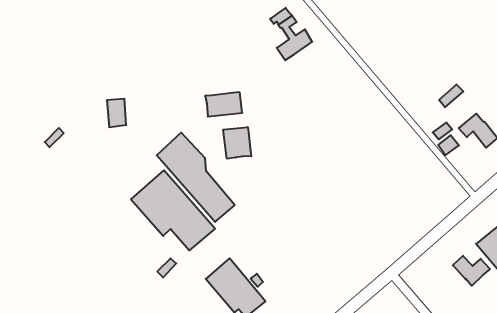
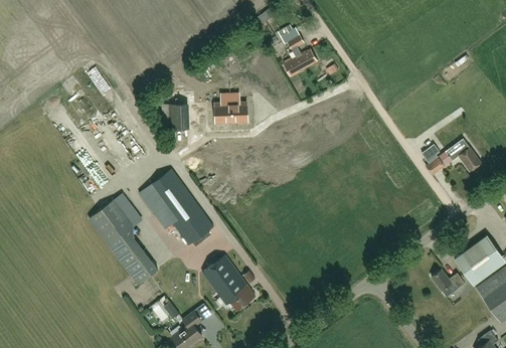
building: [107,99,126,127] -> [170,105,186,130]
building: [223,127,251,159] -> none
building: [157,133,235,222] -> [90,199,158,284]

